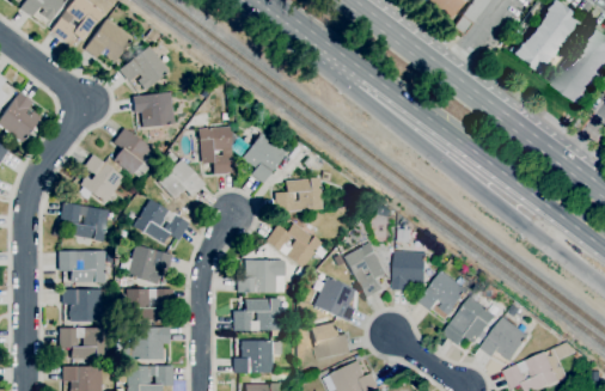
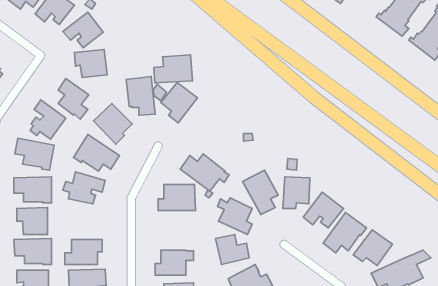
building: [275,177,323,212] -> [154,55,192,83]
building: [126,288,173,326] -> none
building: [234,299,280,336] -> none

